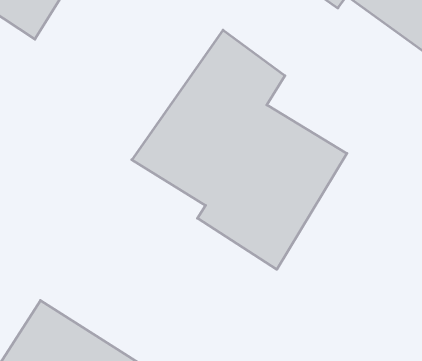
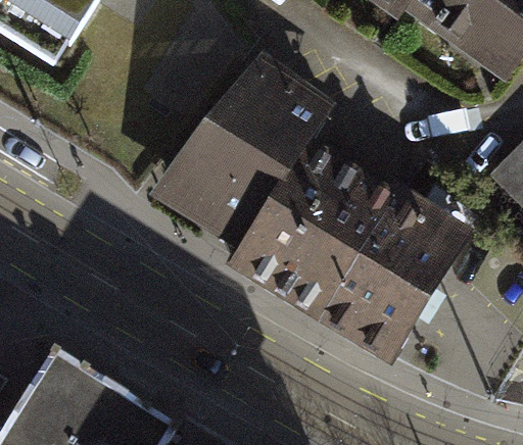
building: none -> [322,184,471,356]

